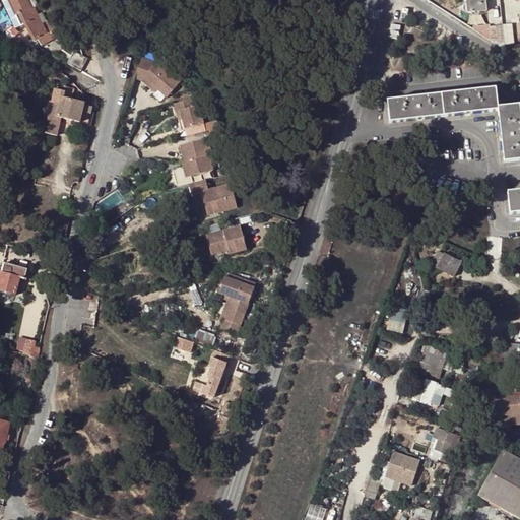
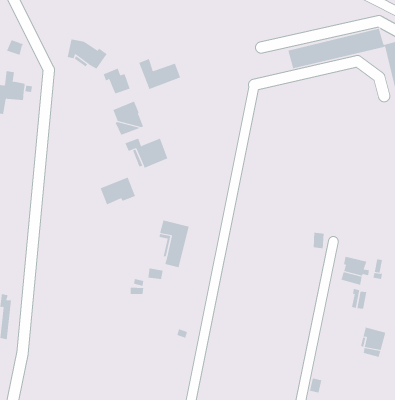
building: none -> [139,58,181,90]
building: [208,222,248,252] -> [100,177,136,205]
building: [431,249,461,274] -> none
building: [204,345,228,393] -> none
building: [385,451,420,484] -> none

